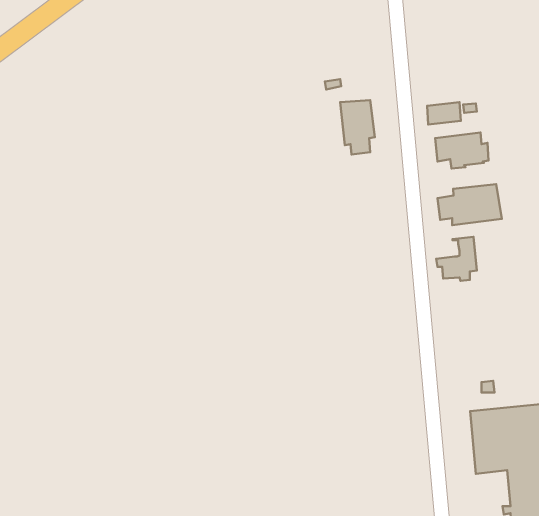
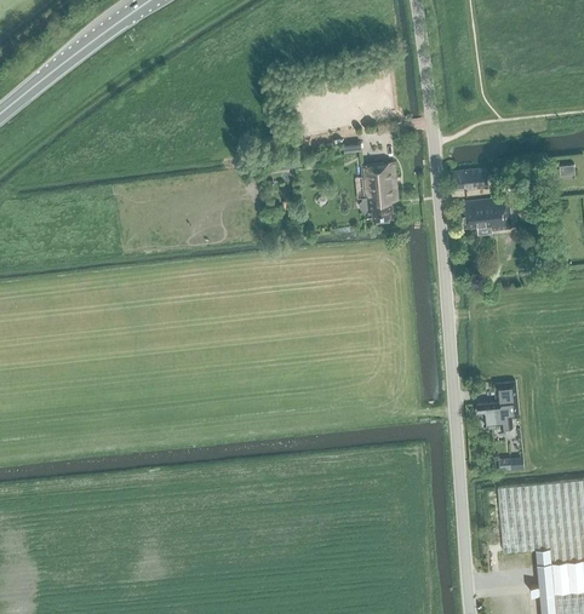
building: [438,184,502,225] -> none
building: [436,237,477,281] -> [476,381,519,427]

